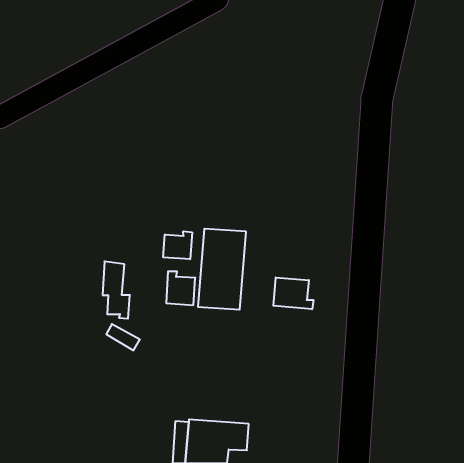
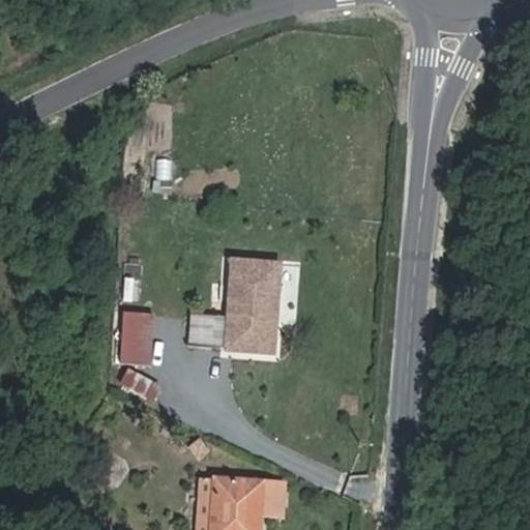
building: [163,231,192,259] -> none
building: [273,277,313,309] -> none

